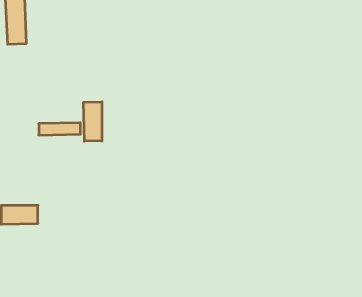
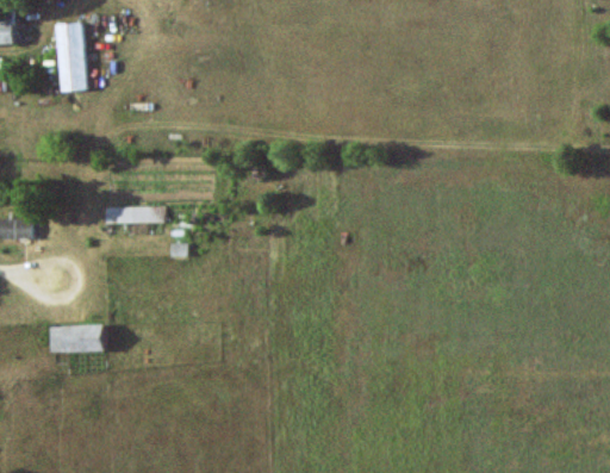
building: [84,102,102,141] -> none

